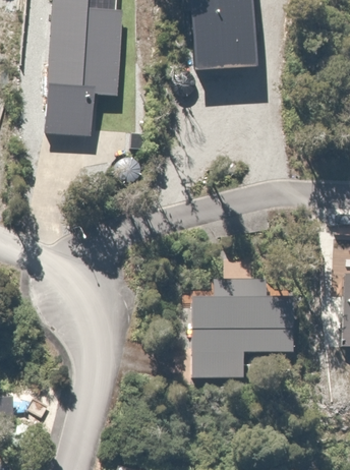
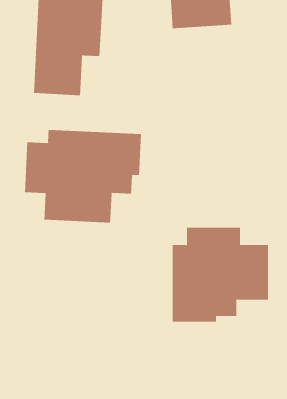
building: none -> [24,129,142,223]

